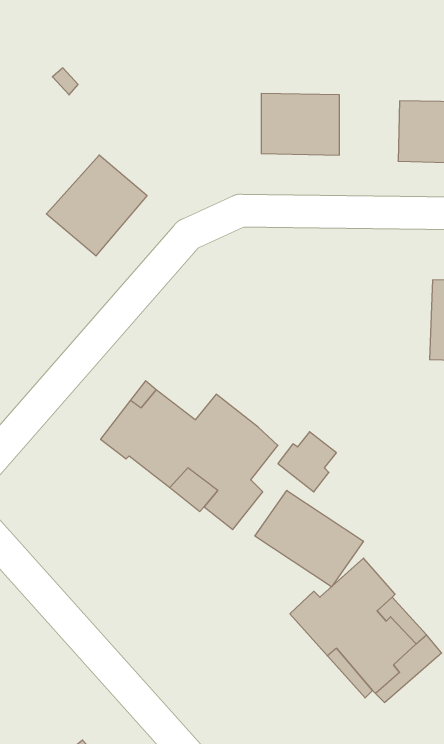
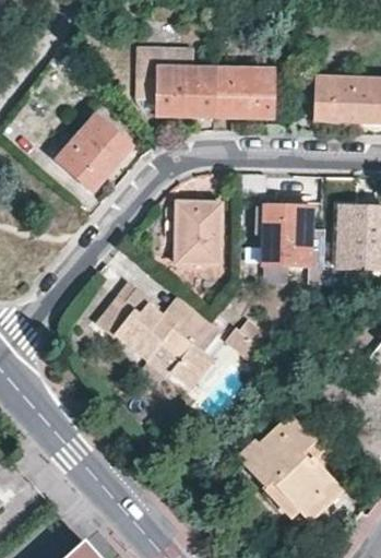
building: none -> [134,51,214,117]
building: none -> [176,204,221,262]
building: none -> [262,207,324,266]
building: [255,490,363,587] -> none

